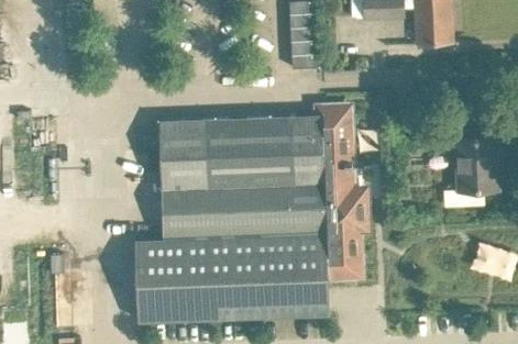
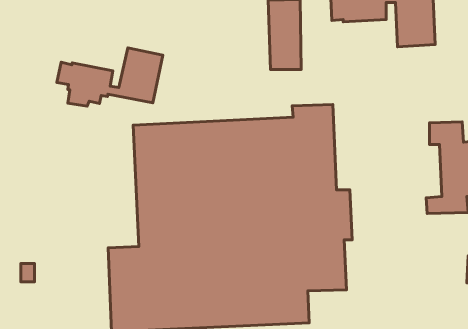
building: none -> [57,48,163,106]

